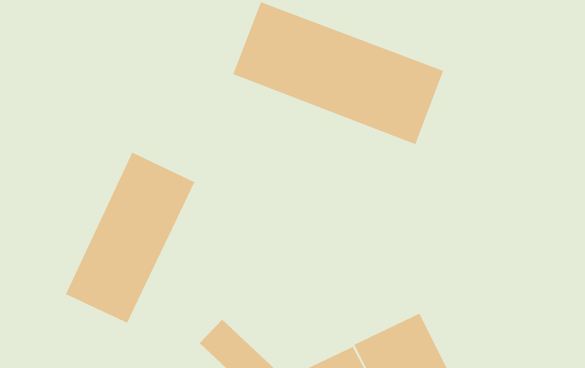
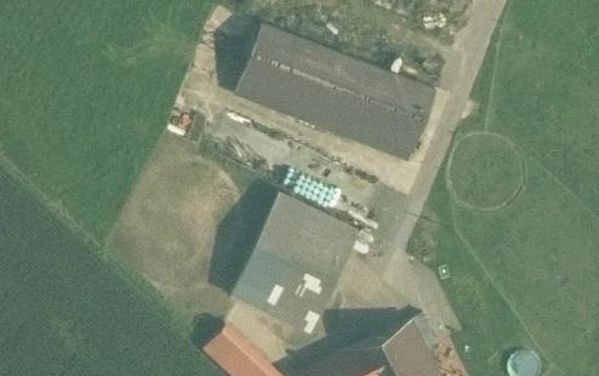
building: [65,152,195,324] -> none
building: none -> [233,194,358,329]

